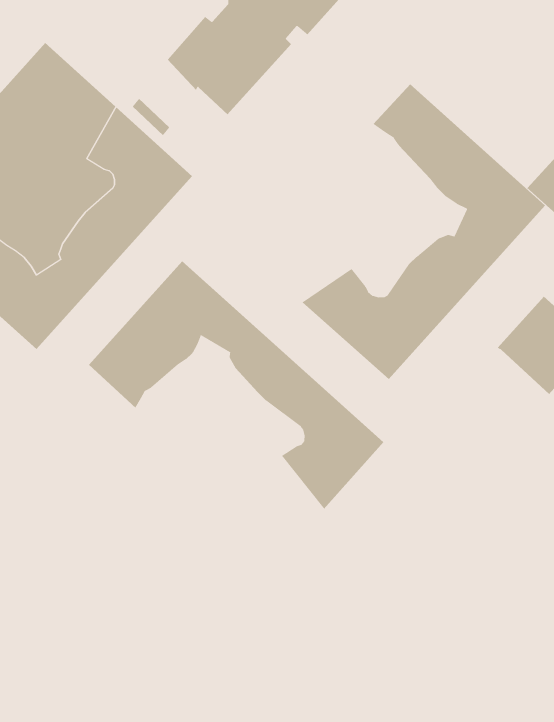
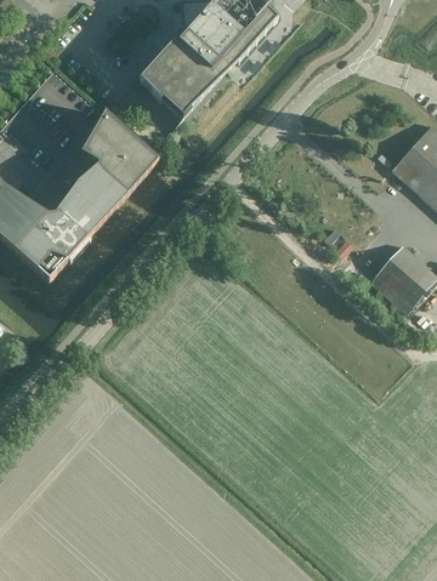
building: [301,83,546,380] -> none
building: [88,261,384,509] -> none

